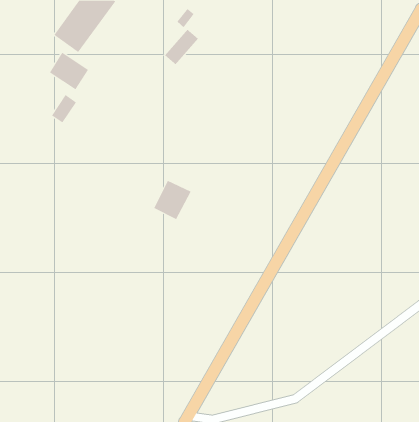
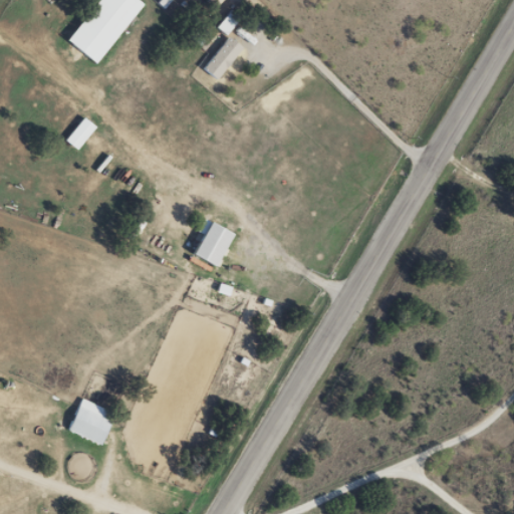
building: [49,52,89,90] -> none
building: none -> [67,398,116,446]

